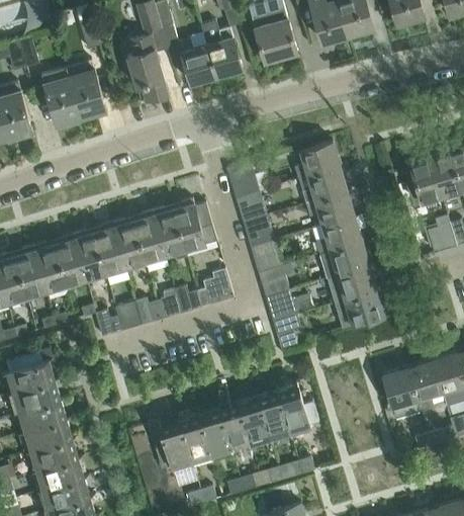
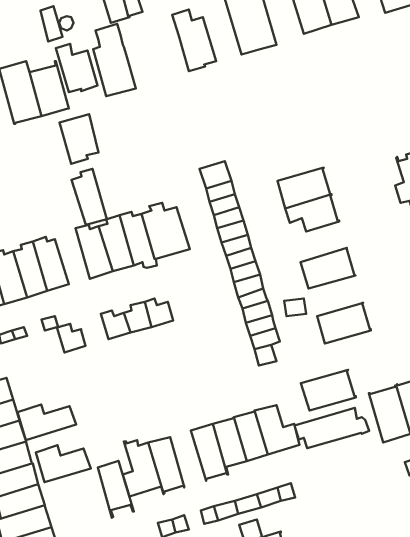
building: [178,40,216,85] -> [56,44,97,92]
building: none -> [59,114,98,164]
building: [294,143,340,180] -> none
building: [312,218,362,255] -> none
building: [93,224,125,275] -> [72,169,107,225]
building: [327,267,377,305] -> [301,370,356,411]
building: [197,271,234,309] -> none
building: [116,303,143,332] -> none
building: none -> [18,404,76,440]
building: none -> [295,408,369,448]
building: [199,410,233,462] -> [98,461,134,518]
building: none -> [36,445,91,482]

